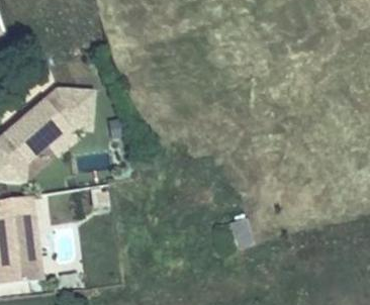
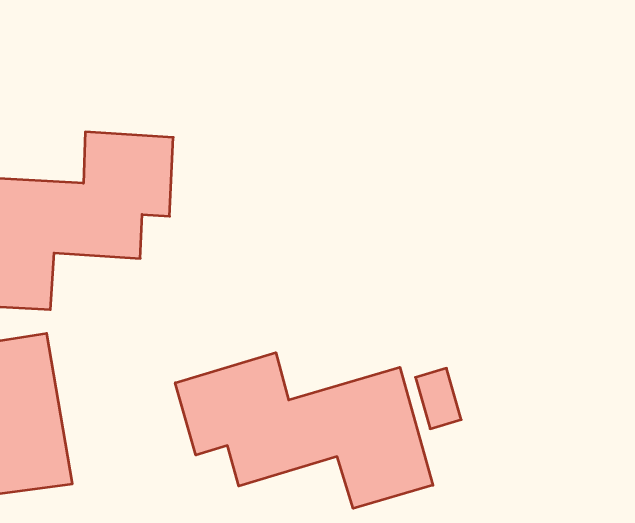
building: none -> [175,353,433,508]

